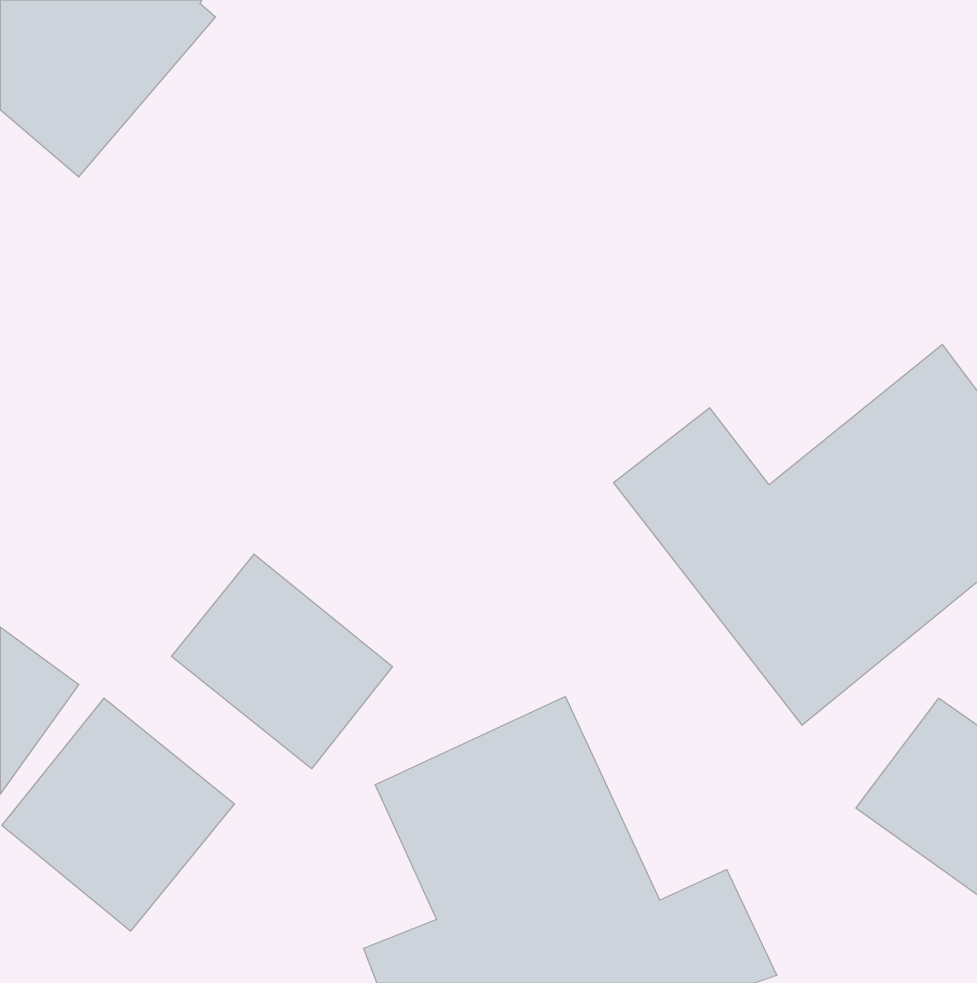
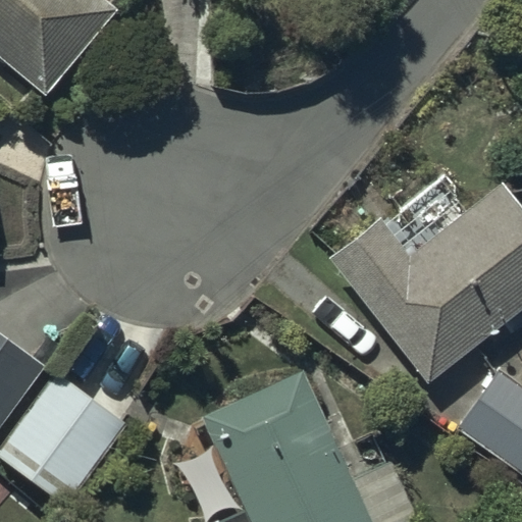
building: [171,554,392,769] -> none

